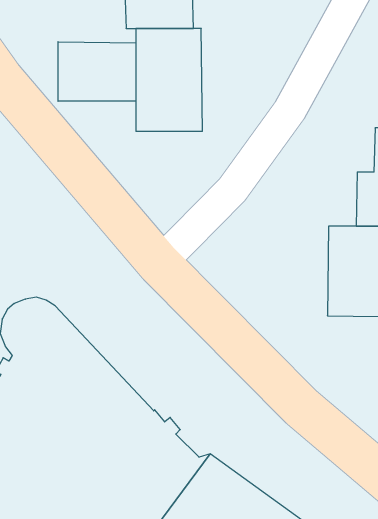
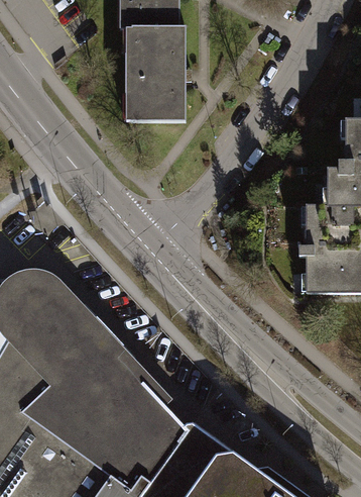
building: [58,42,136,101] -> none

